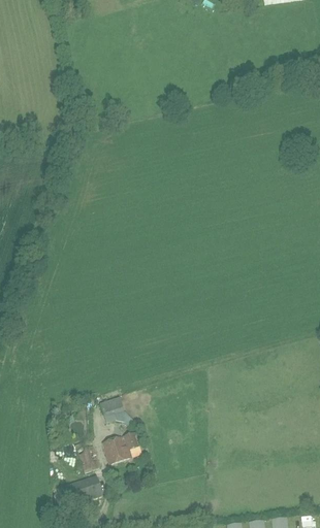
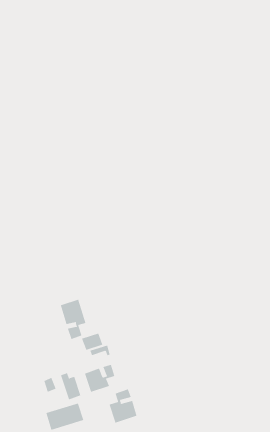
building: none -> [60,299,86,340]
building: none -> [109,389,137,423]

